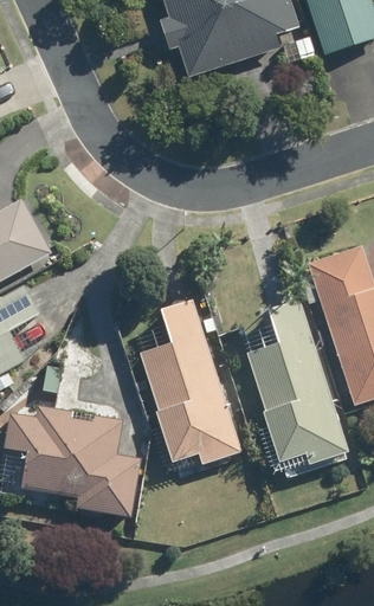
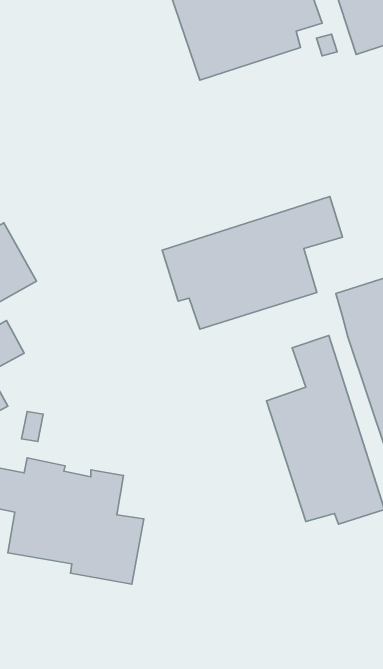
building: none -> [162,197,342,329]
building: [140,303,241,468] -> none

